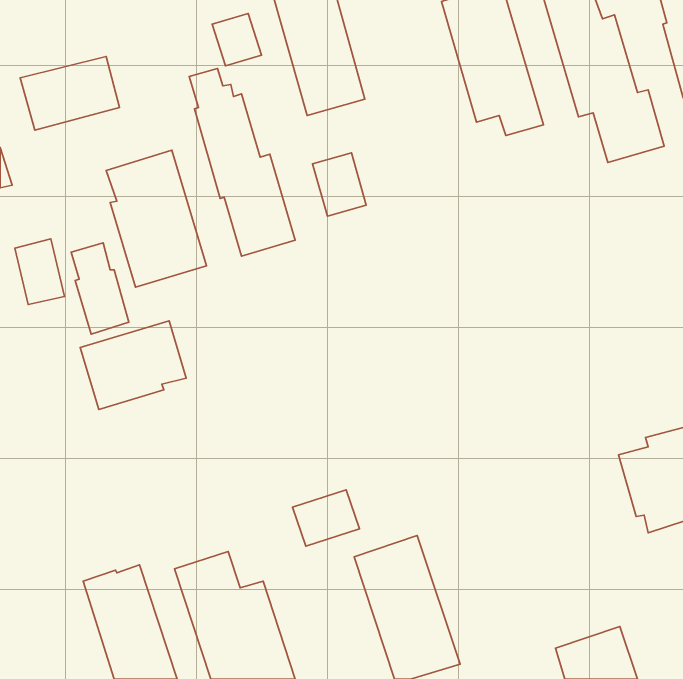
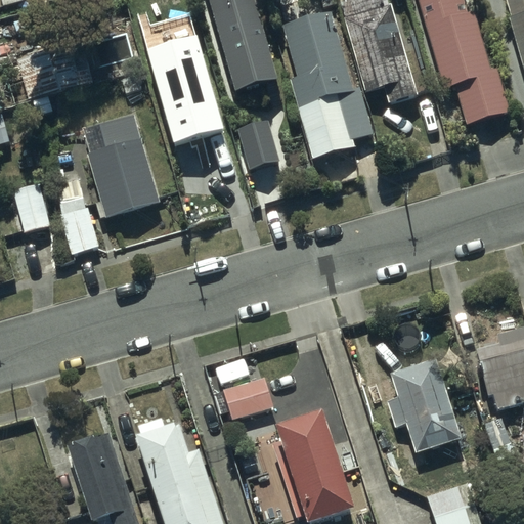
building: none -> [281,12,374,160]
building: [80,321,186,409] -> none
building: none -> [390,354,472,484]

